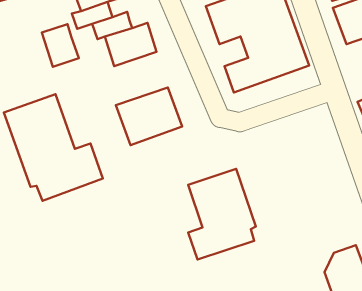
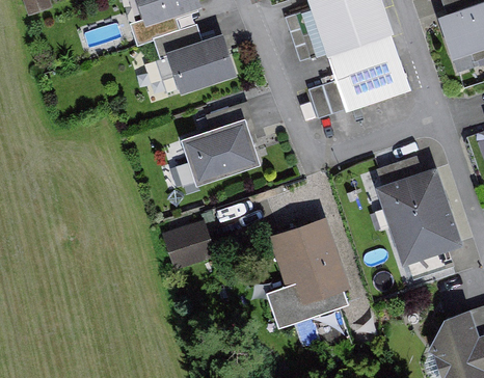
building: [42,24,79,67] -> none
building: [4,94,103,201] -> none
building: none -> [379,162,463,261]
building: none -> [159,220,214,271]

